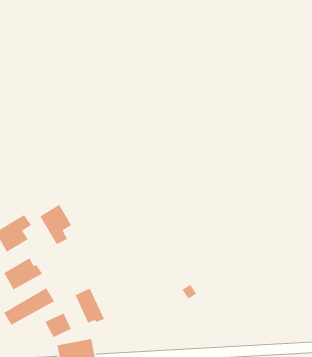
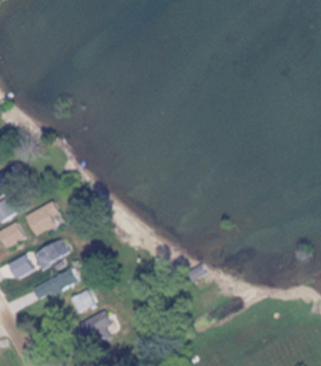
building: [39,204,72,245] -> none
building: [75,288,105,324] -> none

